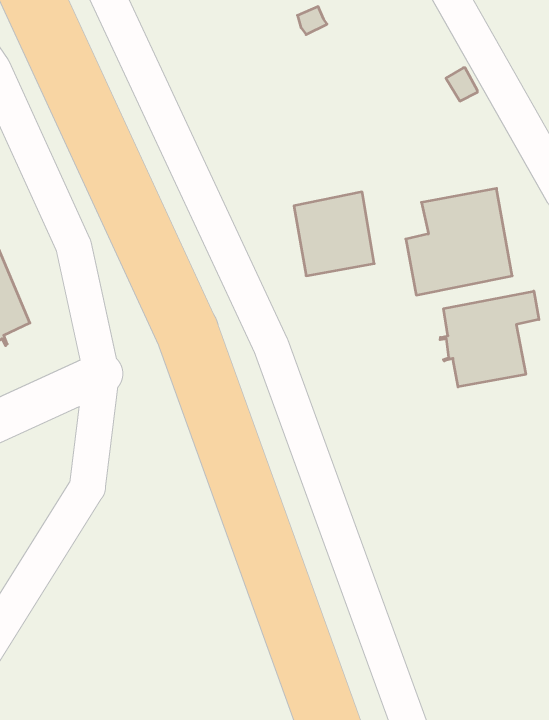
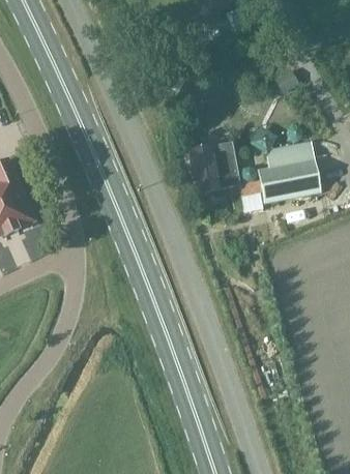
building: [440,291,539,387] -> none

